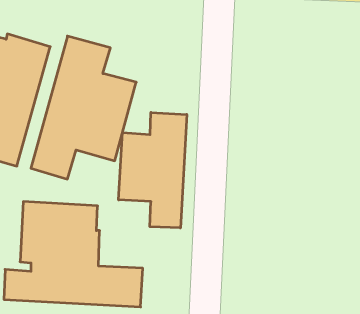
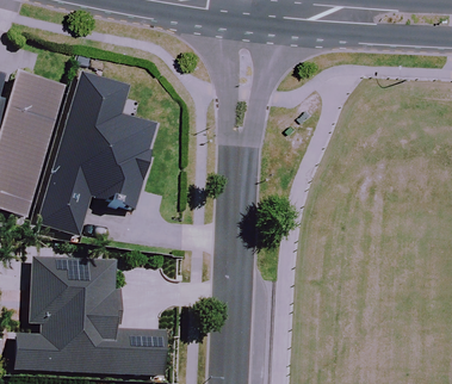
building: [119,112,187,228] -> none

